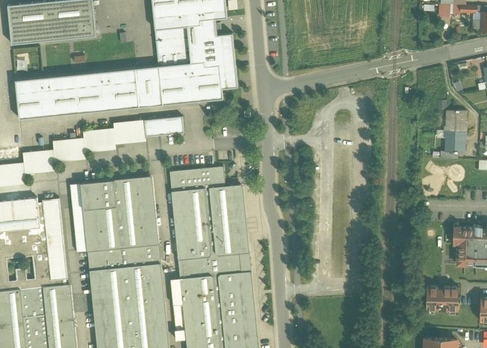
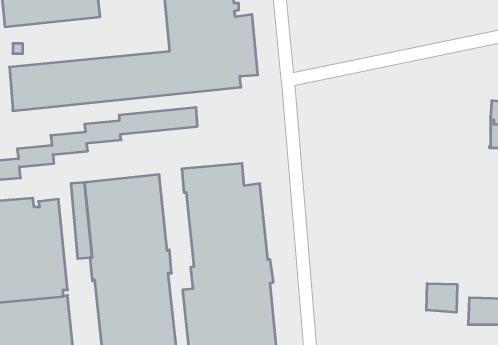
building: none -> [426,283,457,312]

